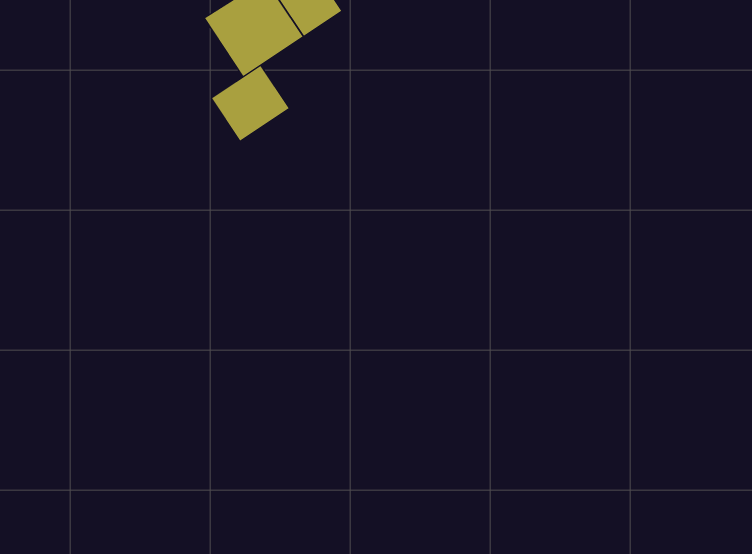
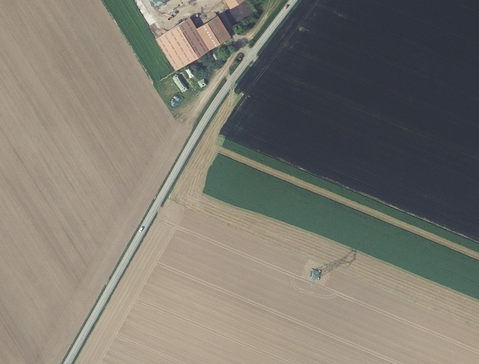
building: [211,65,290,141] -> none

